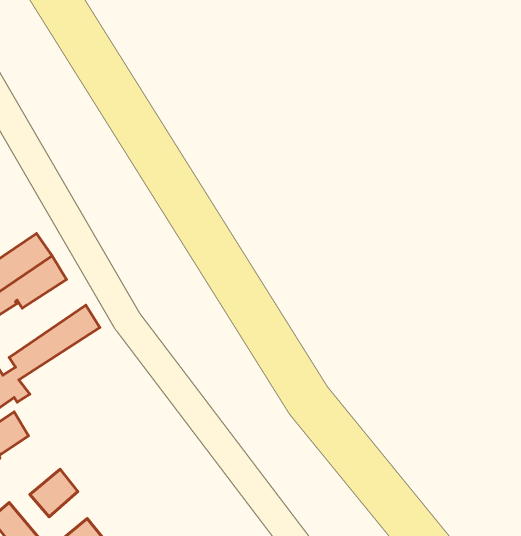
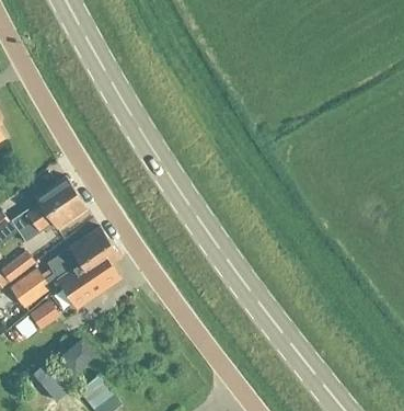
building: none -> [53,242,120,305]

